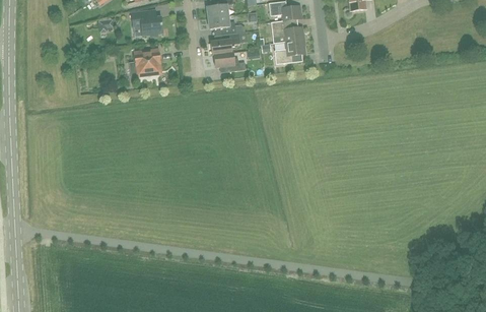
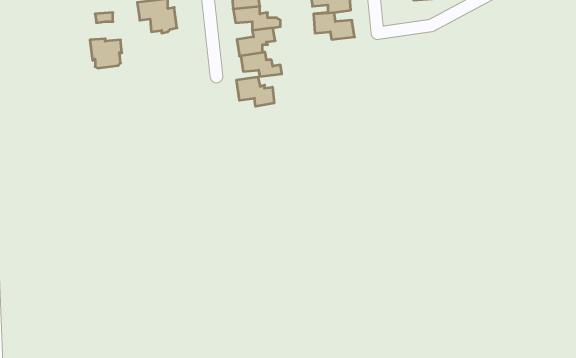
building: [274,40,304,64] -> none
building: [134,50,159,73] -> [90,39,122,68]
building: none -> [237,76,274,106]

